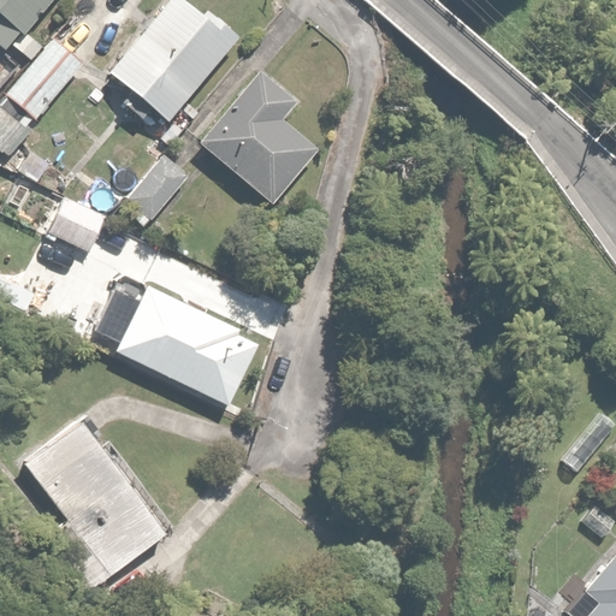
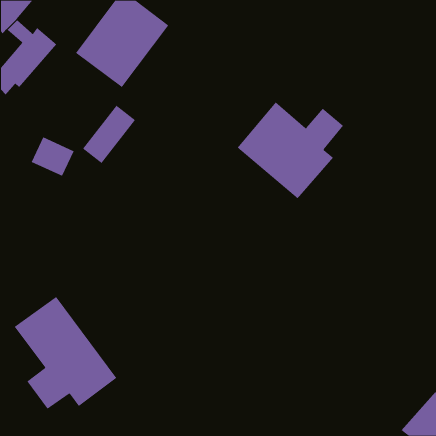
building: [200,67,324,206] -> none
building: none -> [237,101,344,199]
building: [95,286,261,405] -> none

